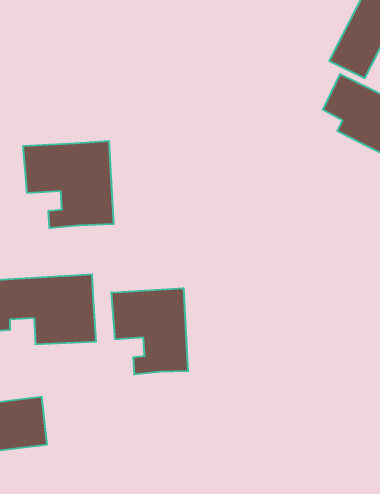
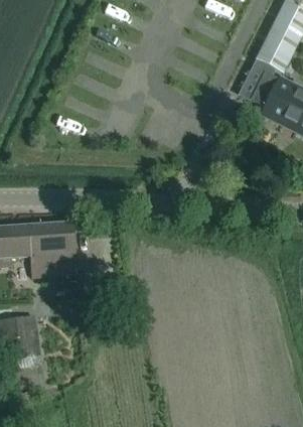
building: [23,141,113,228] -> none
building: [111,288,188,375] -> none

